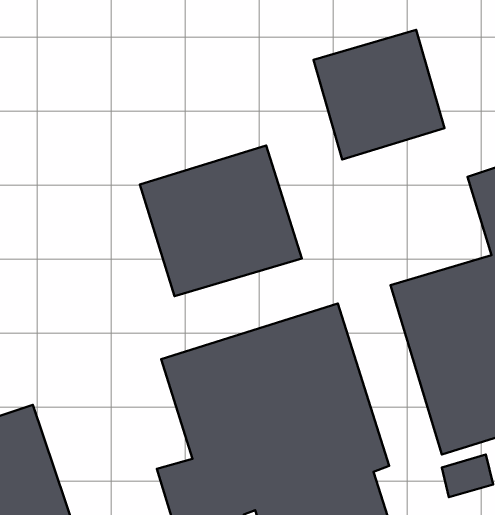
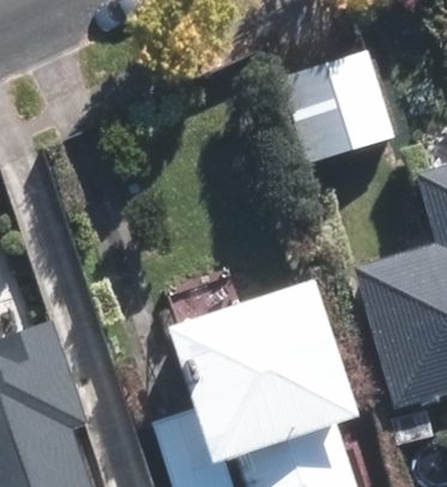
building: [140,146,302,296] -> none

